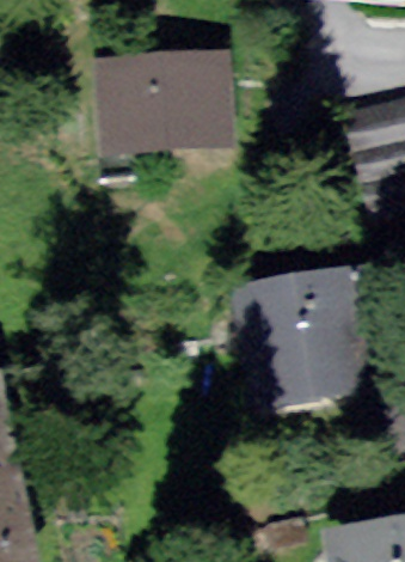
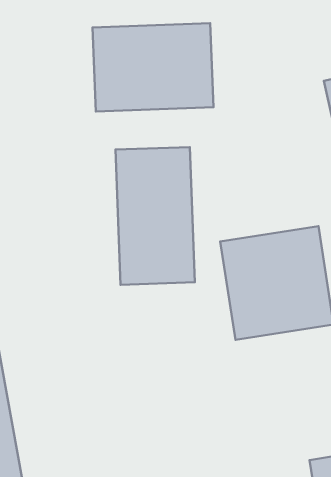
building: none -> [116,147,195,285]

